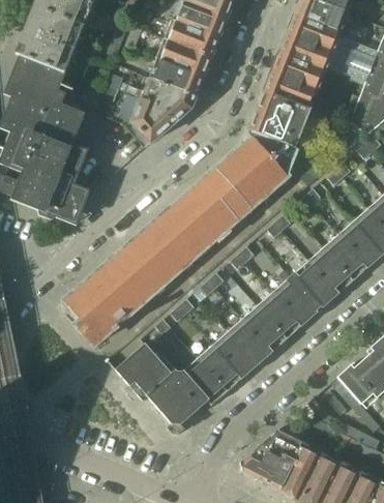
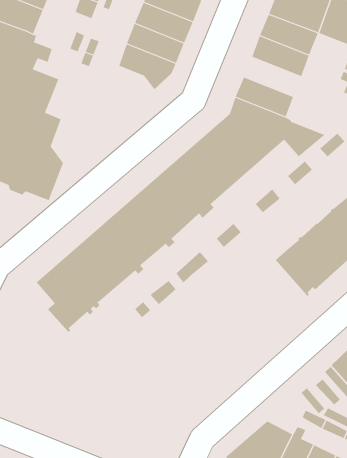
building: [257,92,311,129] -> none
building: [131,100,174,143] -> none
building: [115,280,316,435] -> none

